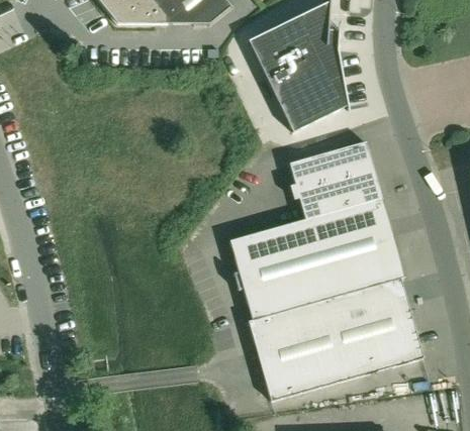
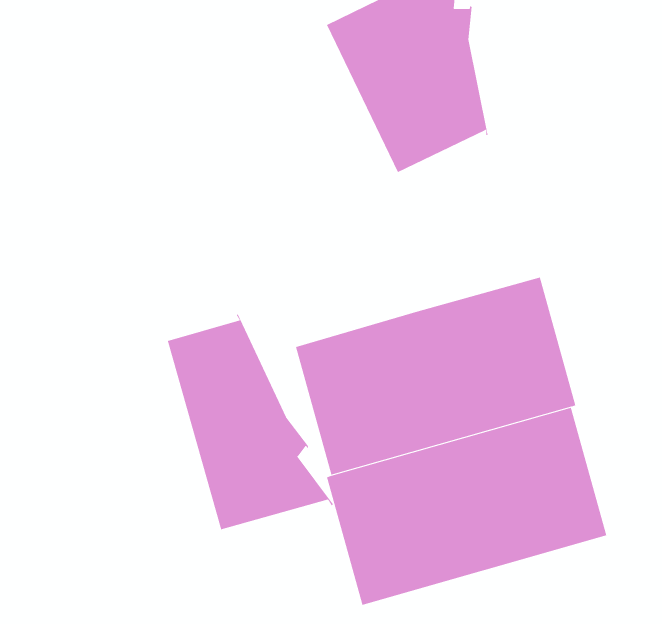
building: [289,140,381,217] -> none
building: none -> [167,313,334,530]

